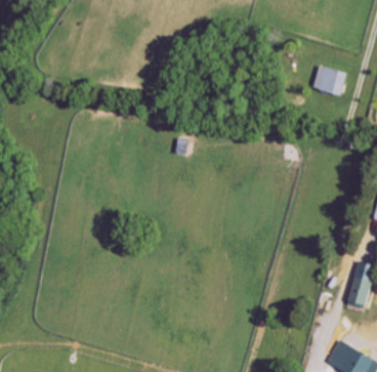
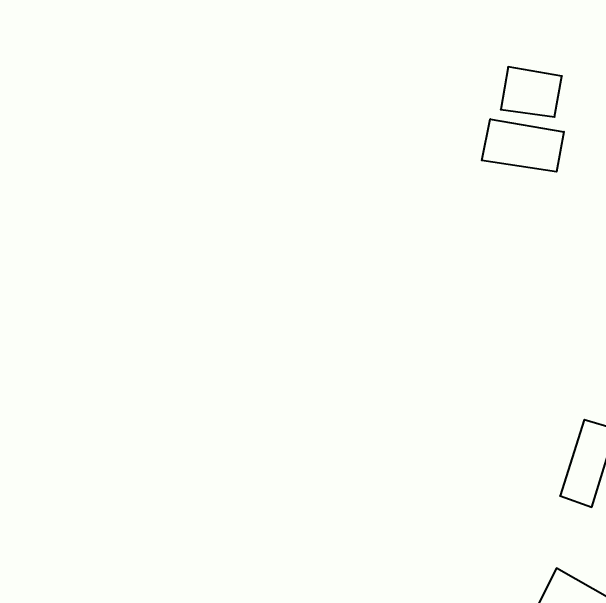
building: none -> [482,119,564,172]

